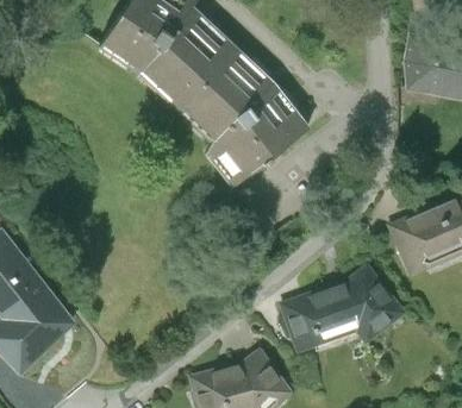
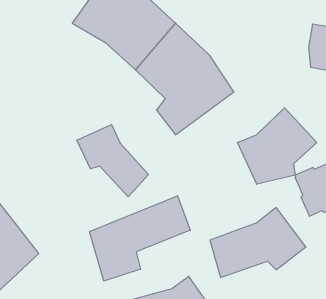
building: none -> [237,108,317,184]
building: none -> [77,125,148,197]
building: none -> [90,196,190,281]

